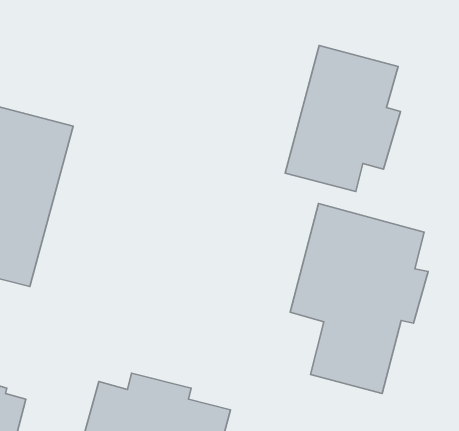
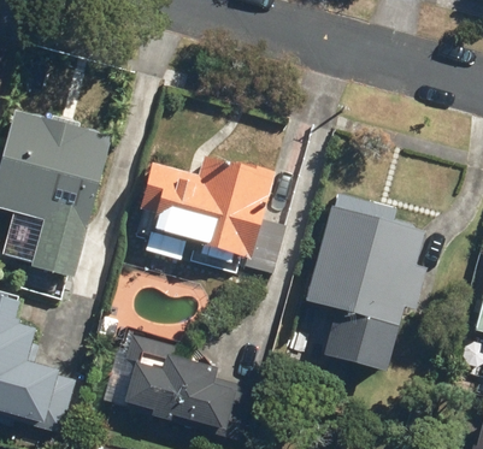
building: [285,45,401,192] -> none
building: none -> [131,156,273,273]

